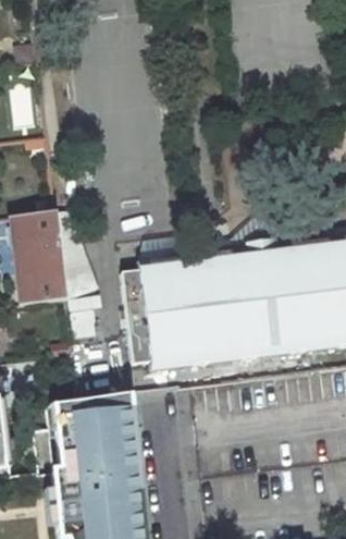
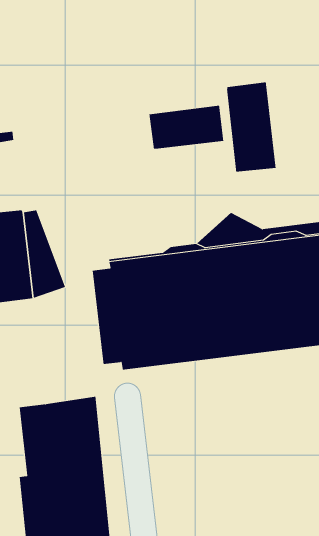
building: none -> [227,82,276,173]
building: none -> [149,105,224,150]

